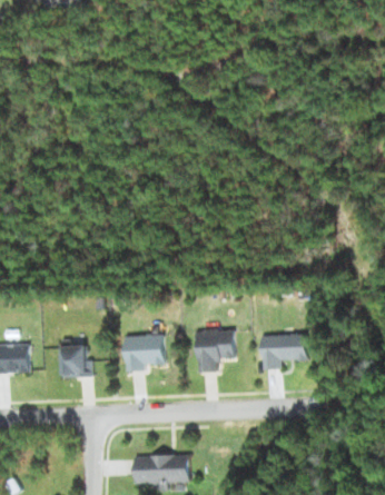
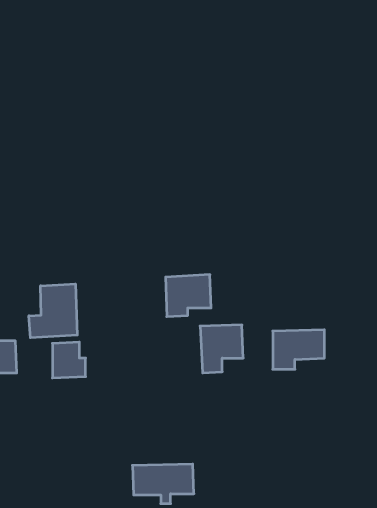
building: none -> [29,284,77,338]
building: [124,334,165,372] -> [166,275,211,317]

